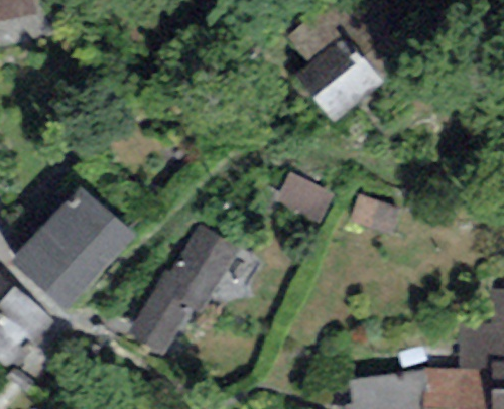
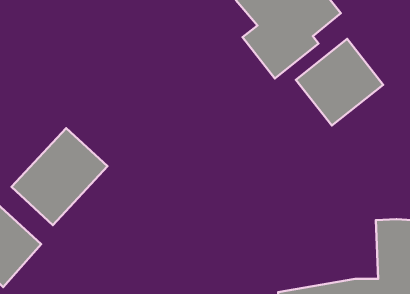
building: none -> [296,39,383,125]
building: [127,227,239,354] -> none

